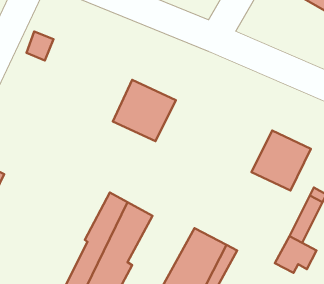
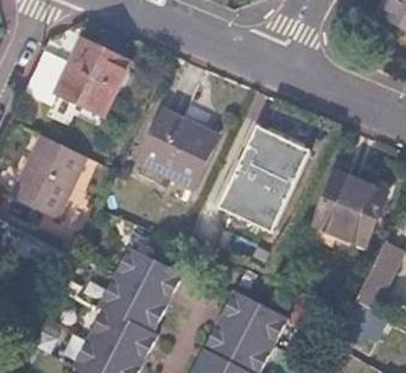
building: none -> [56,45,126,116]
building: none -> [217,126,307,229]
building: none -> [12,127,89,216]

